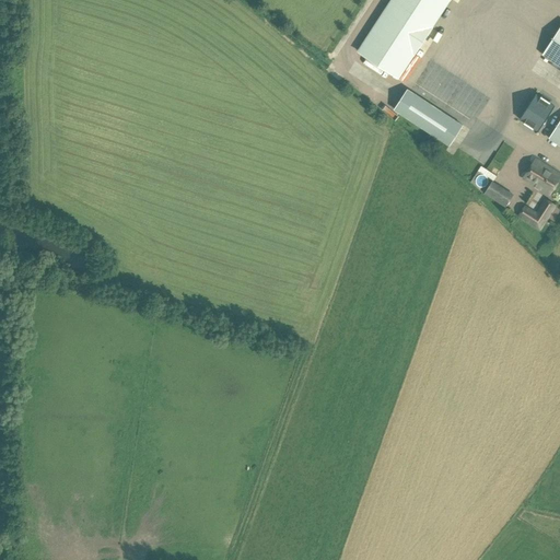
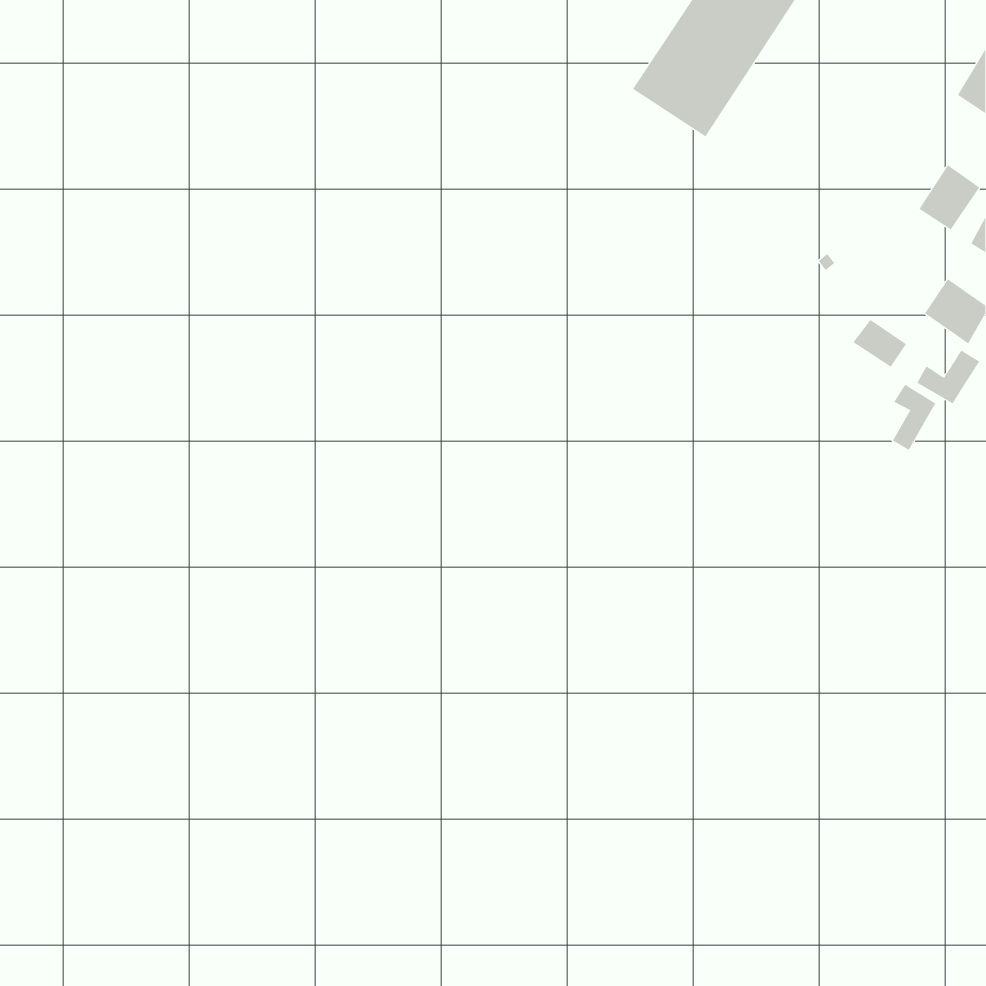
building: [394,89,462,144] -> none
building: none -> [892,384,936,451]

